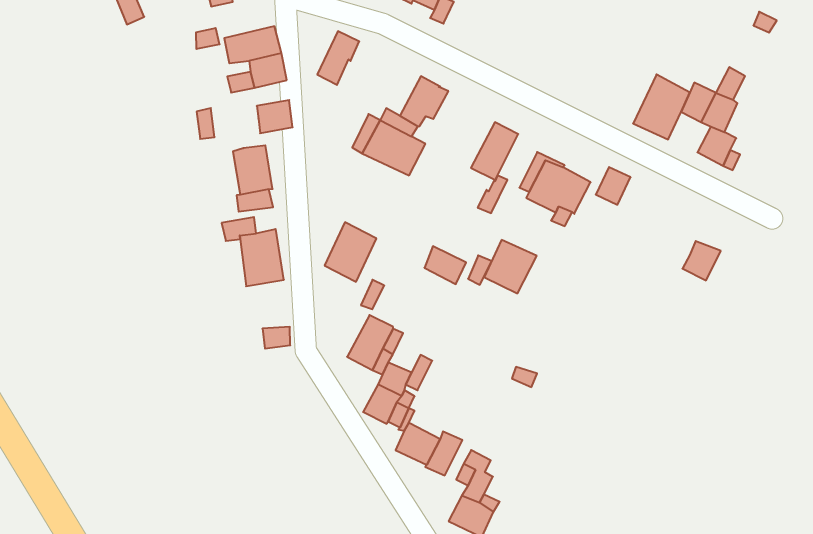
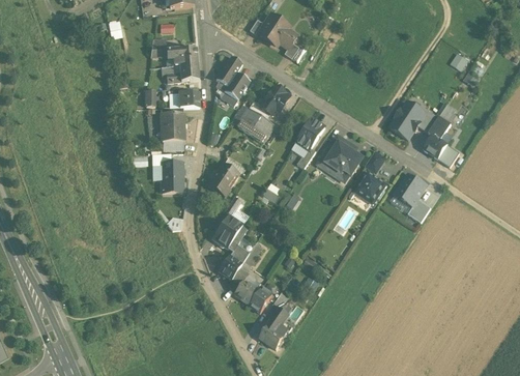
building: none -> [223,71,250,99]
building: none -> [395,173,427,205]
building: [484,240,537,293] -> [355,172,386,203]

